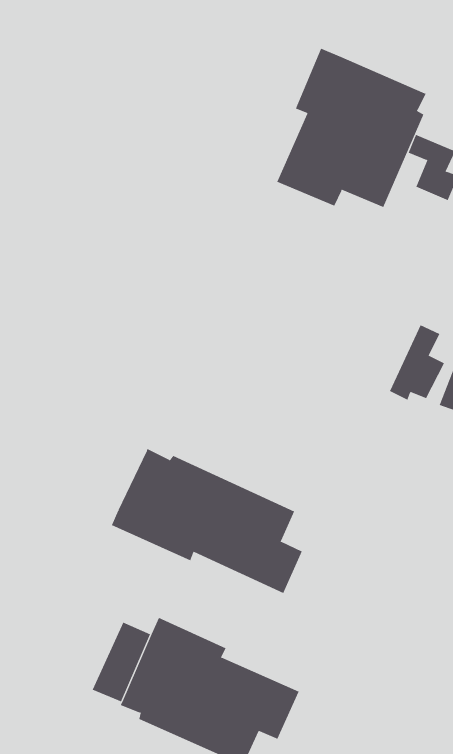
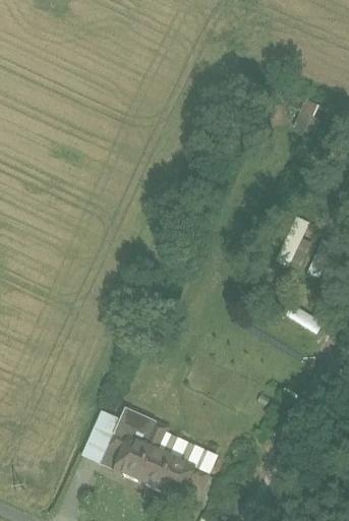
building: [277,48,426,208] -> none
building: [111,448,303,594] -> none

